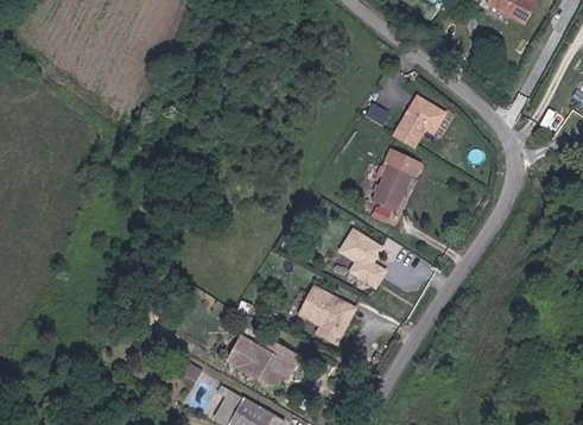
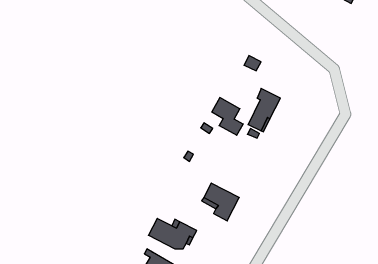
building: [393,95,445,147] -> none
building: [342,229,388,285] -> [212,98,243,135]

